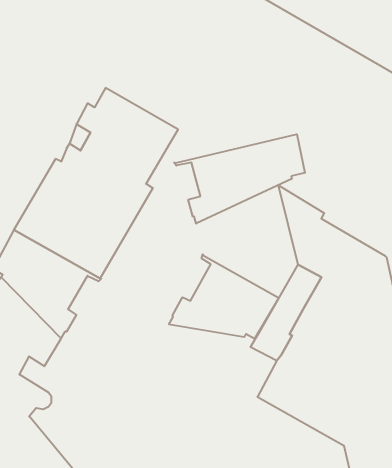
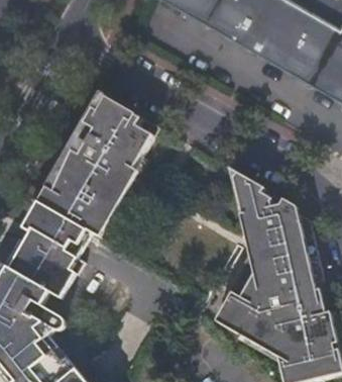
building: [174,134,305,224] -> none
building: [169,254,279,339] -> none

